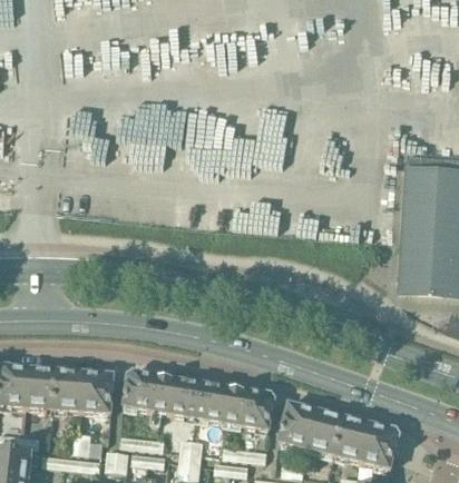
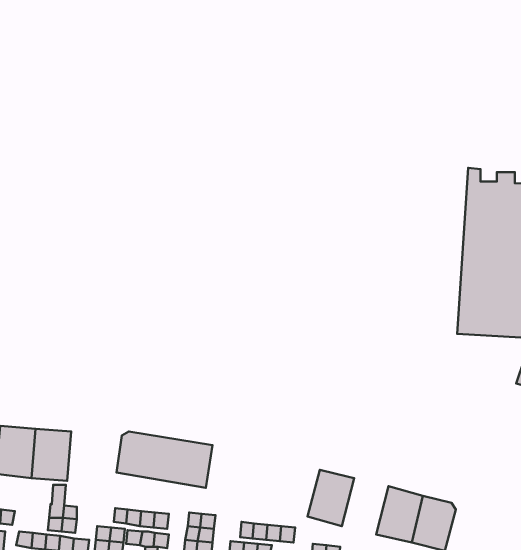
building: [82,374,113,416] -> none
building: [195,385,273,432] -> none
building: [305,412,343,457] -> none

